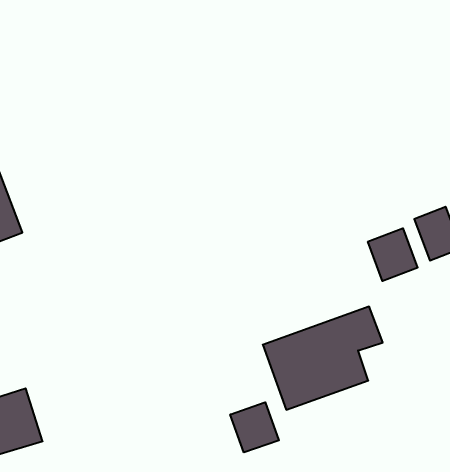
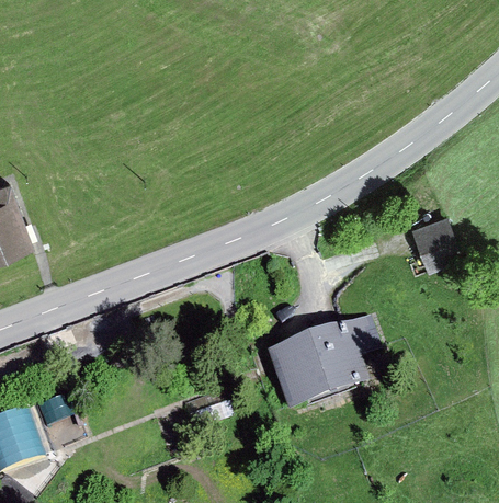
building: [368,228,418,281] -> none
building: [230,402,279,452] -> none

